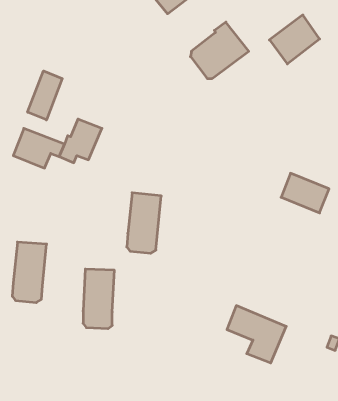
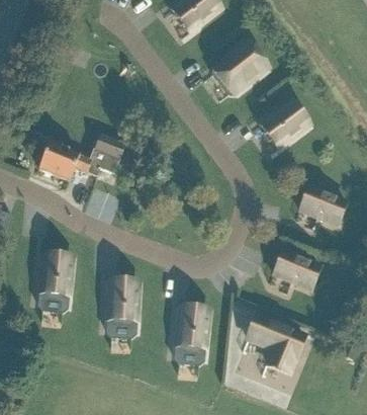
building: [269,15,320,64] -> [260,100,308,148]
building: [28,71,62,120] -> none
building: [127,193,161,253] -> [175,306,208,364]
building: none -> [273,250,316,287]

